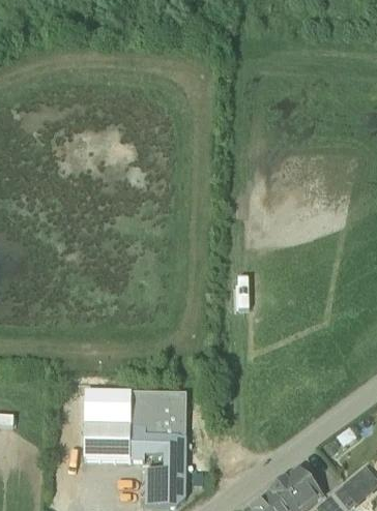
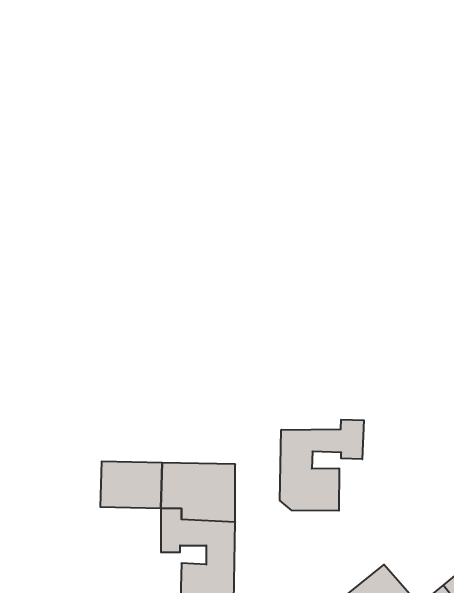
building: none -> [280,420,364,511]
building: [84,425,130,459] -> none

